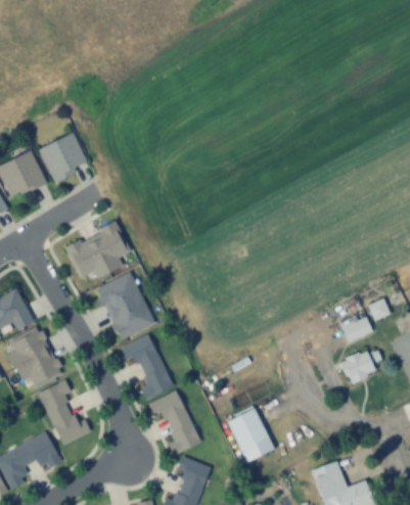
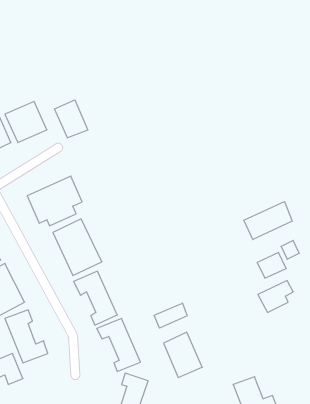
building: none -> [55,100,88,138]
building: none -> [244,202,292,240]
building: none -> [154,303,187,328]

